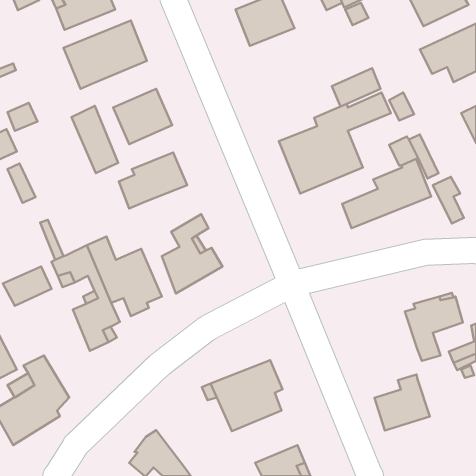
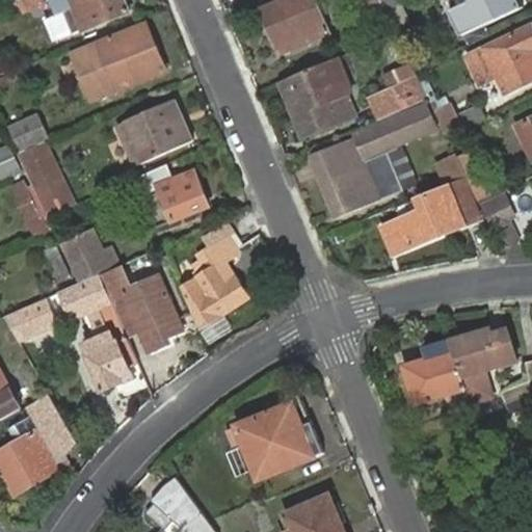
building: none -> [278,57,349,138]
building: [71,106,118,173] -> [18,139,70,214]
building: none -> [59,227,114,278]
building: [375,374,430,431] -> [402,341,463,403]

